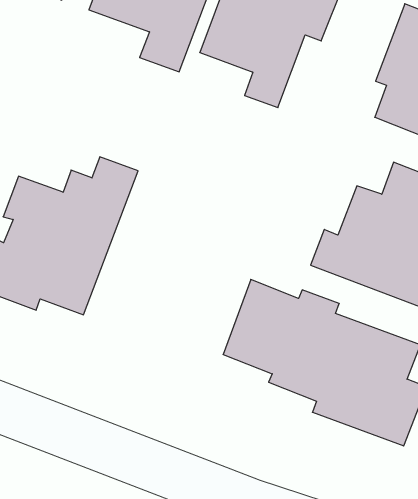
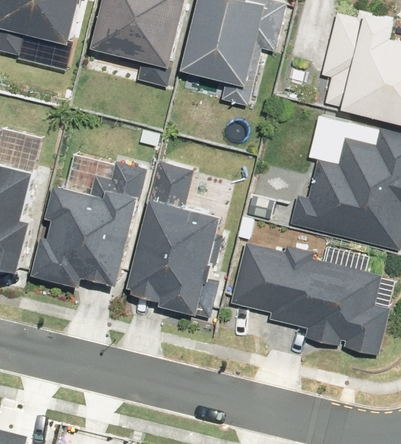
building: none -> [126,161,220,314]

